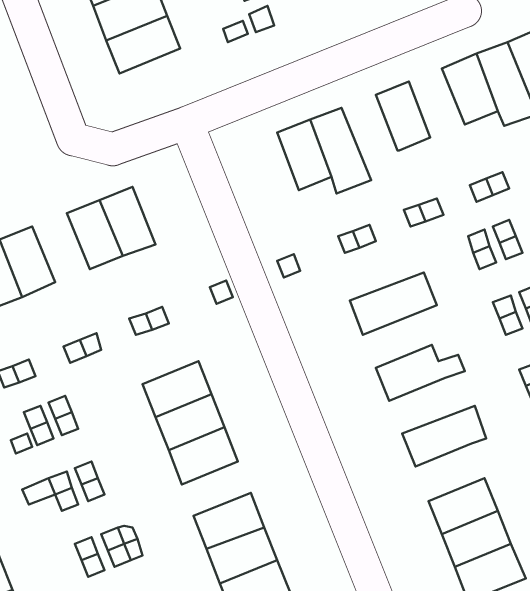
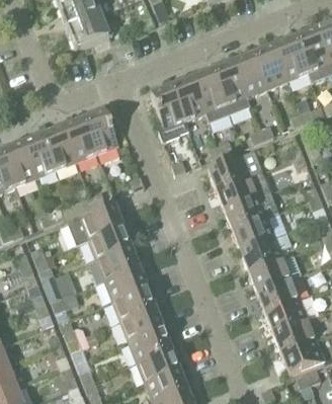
building: none -> [253,46,287,88]
building: none -> [212,62,250,114]
building: none -> [151,85,189,142]
building: none -> [83,110,118,154]
building: none -> [21,135,57,177]
building: none -> [209,150,262,188]
building: none -> [225,191,278,230]
building: none -> [69,205,123,244]
building: none -> [241,232,293,270]
building: none -> [257,276,300,312]
building: none -> [113,288,156,321]

